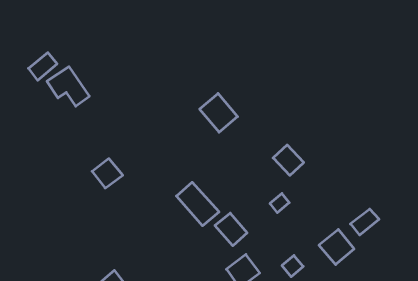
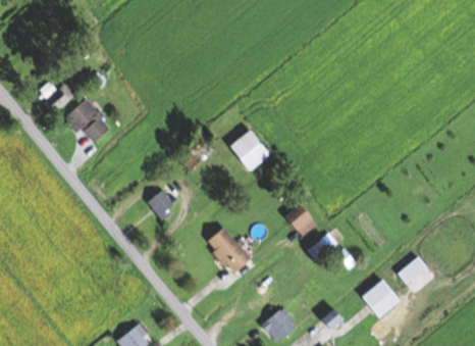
building: [273,145,304,175] -> [284,202,318,236]
building: [92,159,123,188] -> [145,187,178,219]
building: [215,213,247,246] -> none

